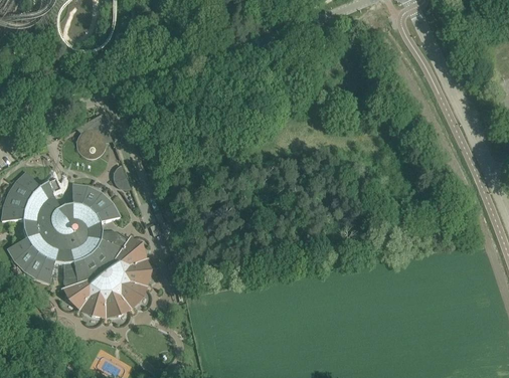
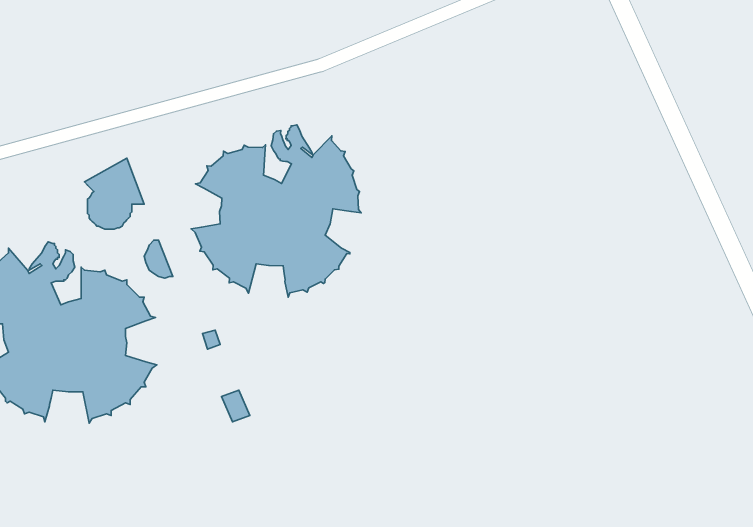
building: none -> [191,125,361,297]
building: [61,234,150,322] -> none

